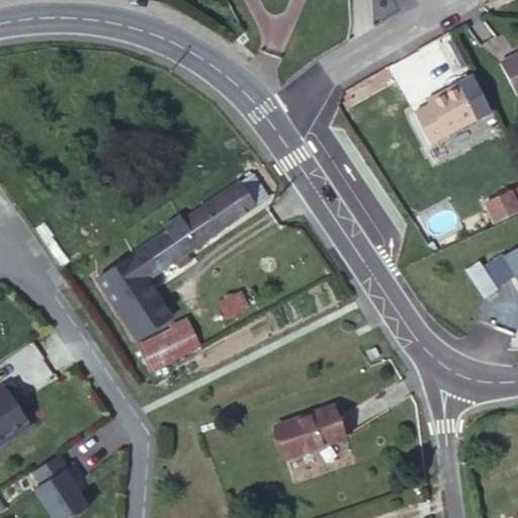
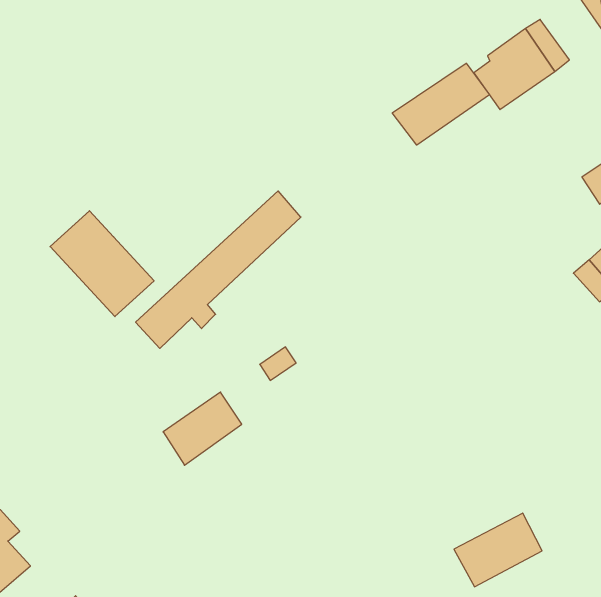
building: none -> [392,63,489,145]
building: [99,258,173,340] -> [50,211,154,317]
building: [278,408,344,457] -> [454,513,542,587]

